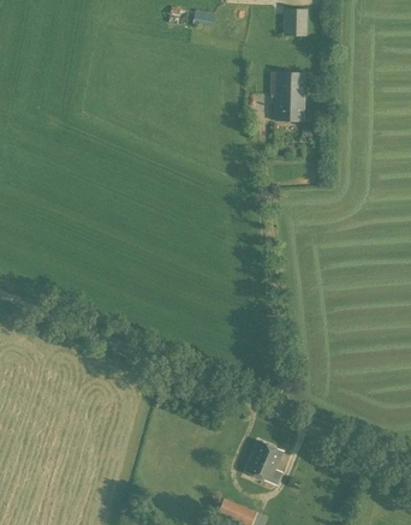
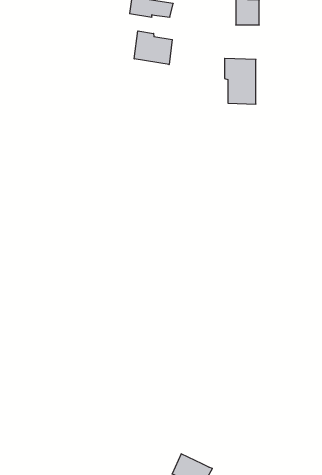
building: none -> [134,31,172,65]
building: [245,440,285,482] -> none

